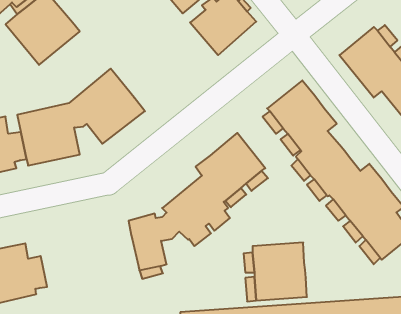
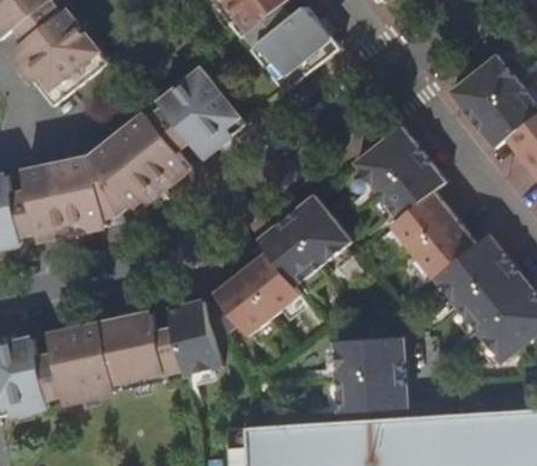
building: none -> [153,63,246,153]
building: none -> [50,312,184,401]

